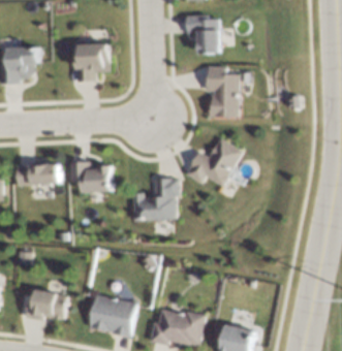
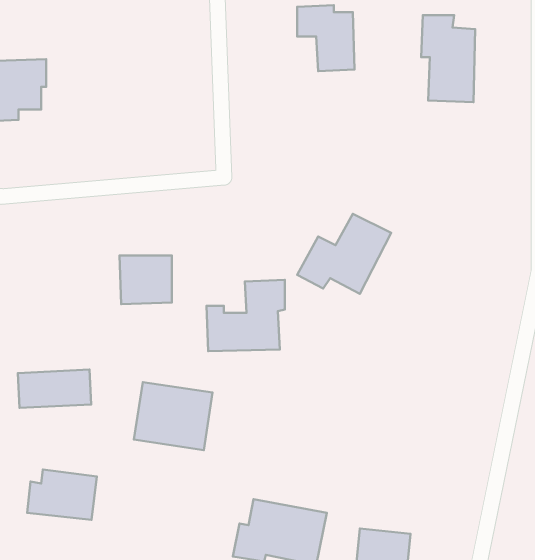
building: [76,43,110,81] -> none
building: [207,66,239,118] -> [421,15,475,102]
building: [17,162,60,185] -> [18,370,91,408]
building: [89,295,135,336] -> [134,382,212,450]

